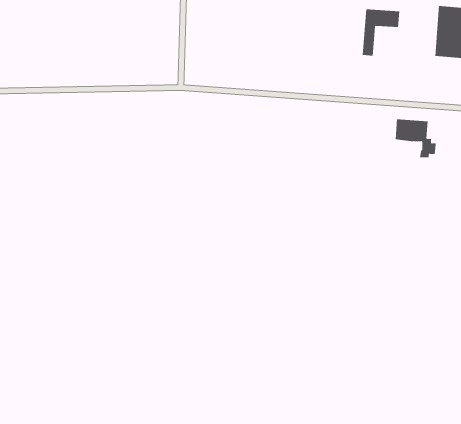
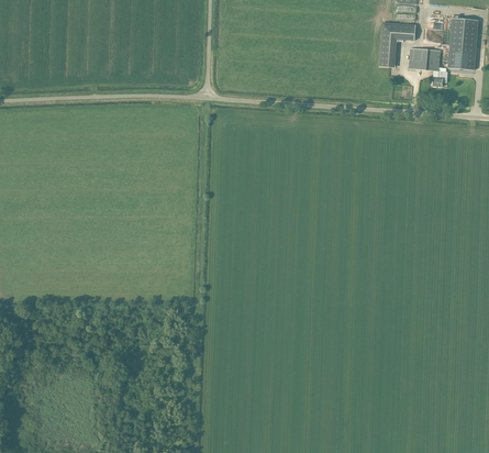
building: [395,119,436,158] -> [409,47,448,85]

